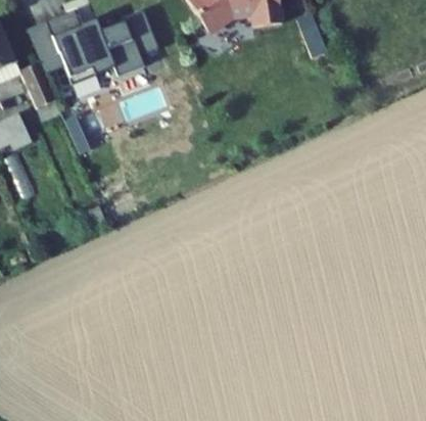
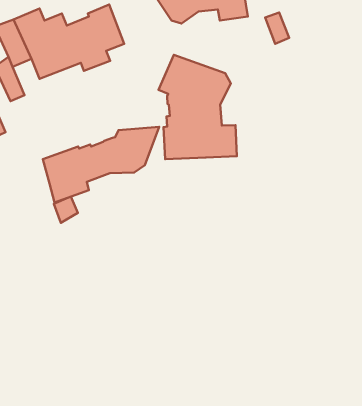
building: none -> [158,55,237,159]
building: none -> [43,127,159,202]

